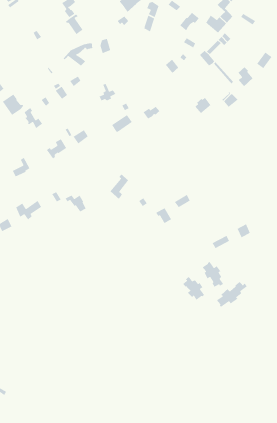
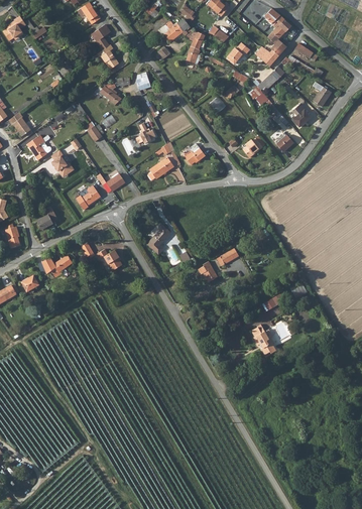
building: [182,276,205,301] -> none
building: [216,281,248,308] -> none

